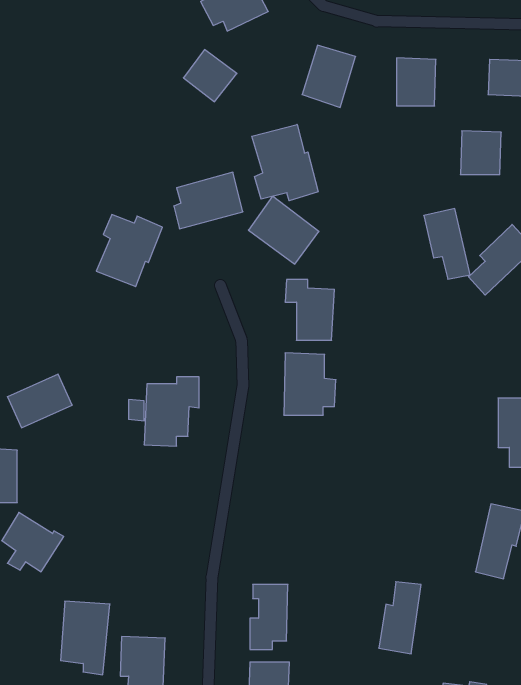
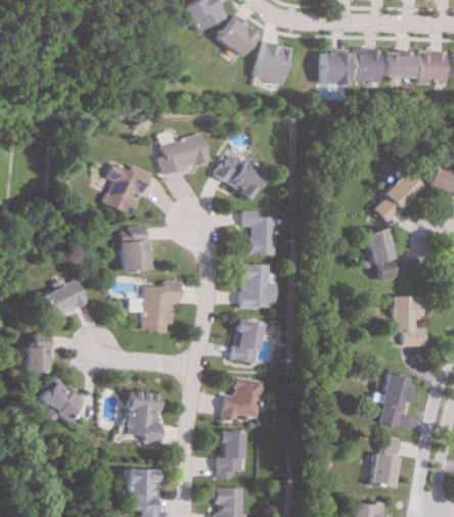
building: [183,50,237,102] -> [219,18,258,56]
building: [252,124,318,201] -> none
building: [460,131,501,175] -> [355,49,384,81]
building: [424,209,470,279] -> [364,229,398,280]
building: none -> [121,226,151,271]
building: none -> [231,320,263,364]
building: none -> [221,377,264,420]
building: [379,582,421,654] -> [371,436,402,488]
building: [61,601,110,675] -> [124,391,160,444]

